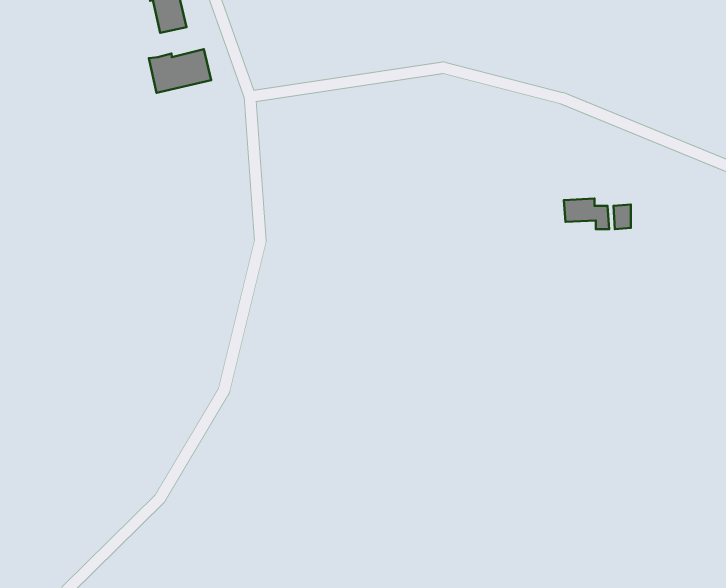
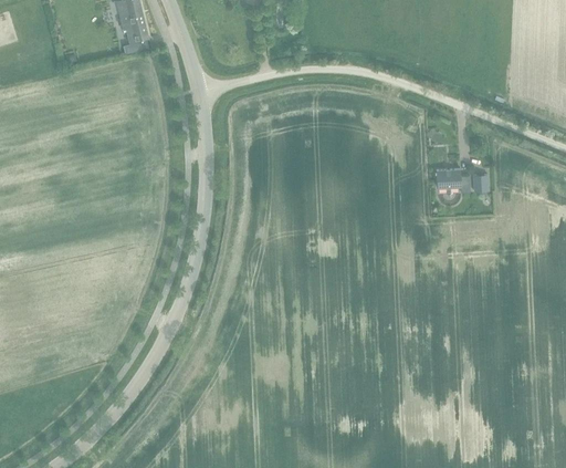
building: [149,49,211,93] -> none

